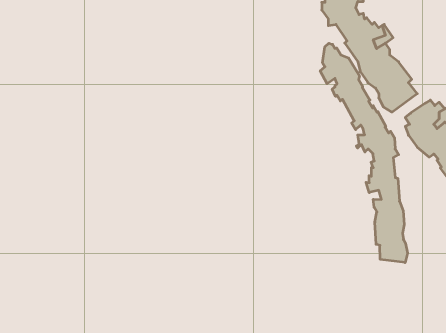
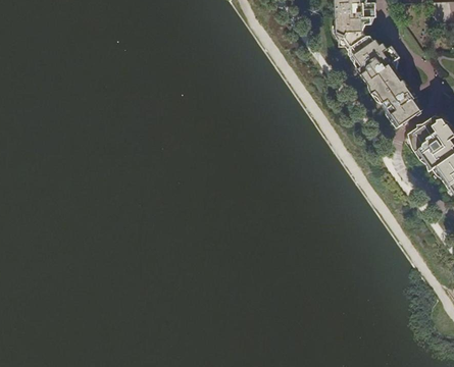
building: [320,43,408,263] -> none

